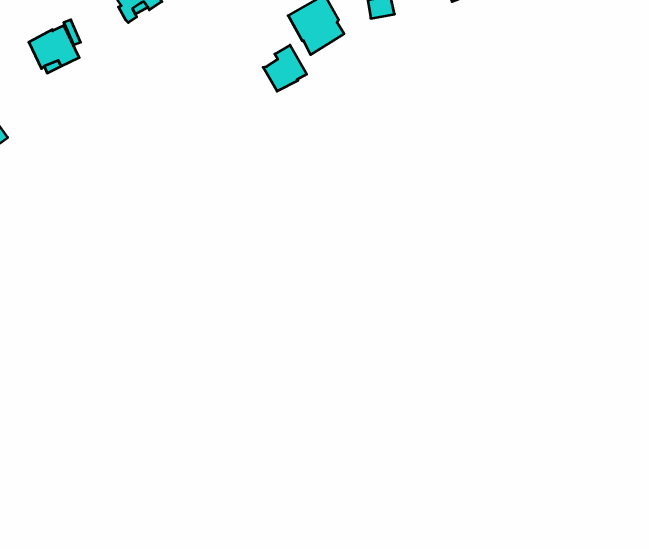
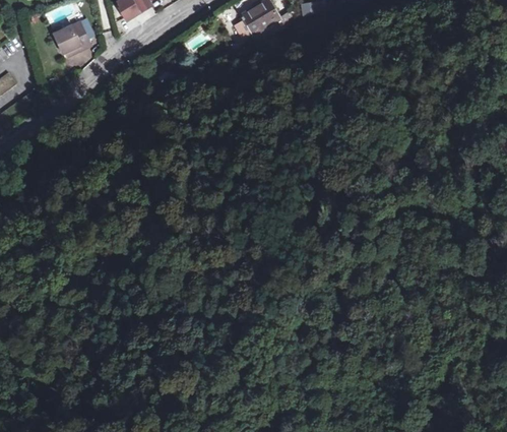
building: [263,45,307,91] -> none

